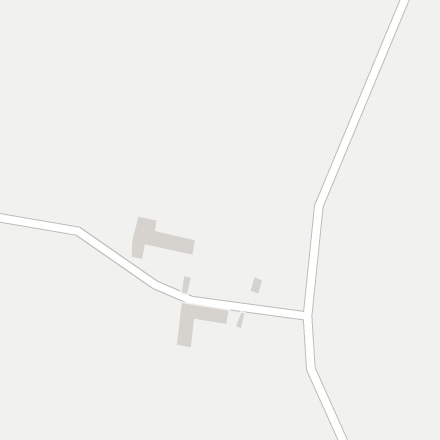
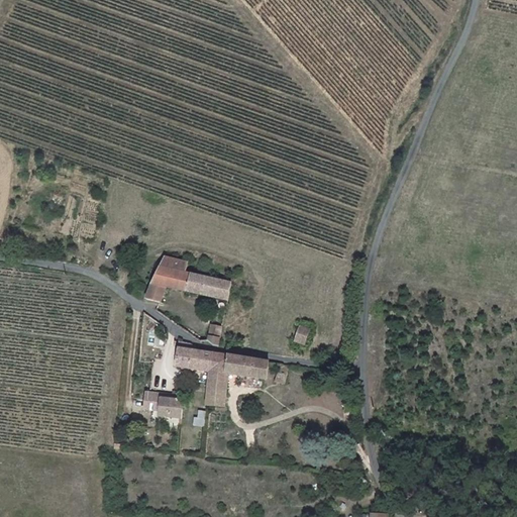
building: none -> [174,338,211,371]
building: none -> [145,391,183,422]

